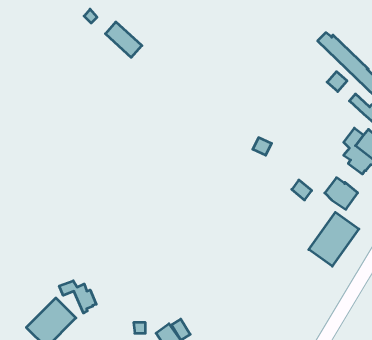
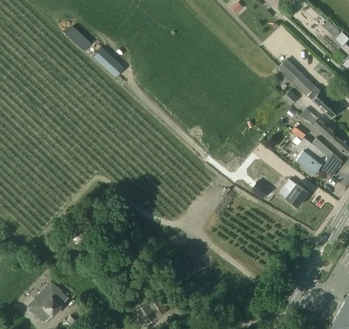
building: [309,212,359,266] -> none
building: [59,281,96,313] -> none

